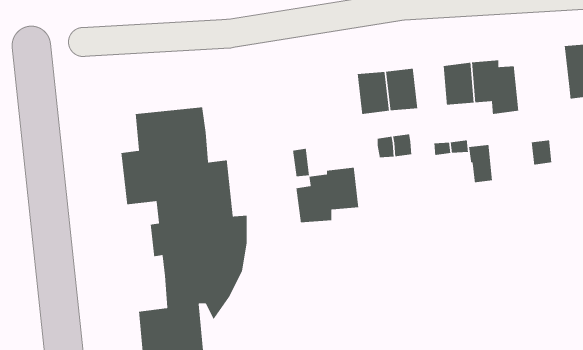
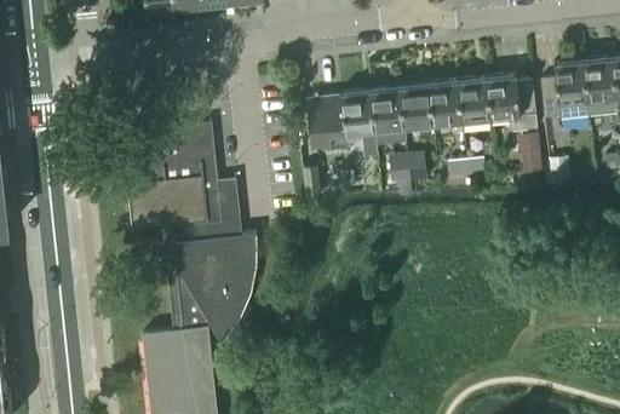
building: none -> [541,61,590,119]
building: none -> [429,81,463,126]
building: [468,144,493,183] -> [517,134,542,174]
building: [296,167,359,223] -> [310,90,375,148]

